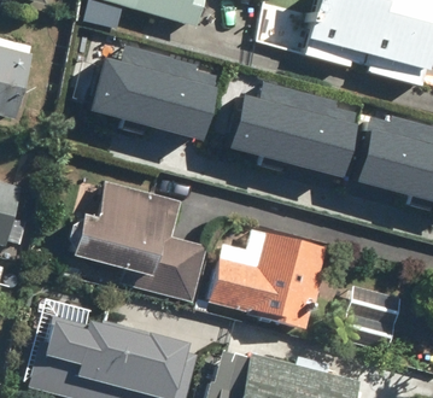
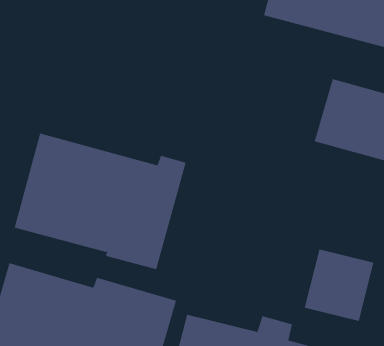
building: [72,51,204,142] -> none
building: [212,89,356,186] -> none
building: [205,224,330,329] -> none

